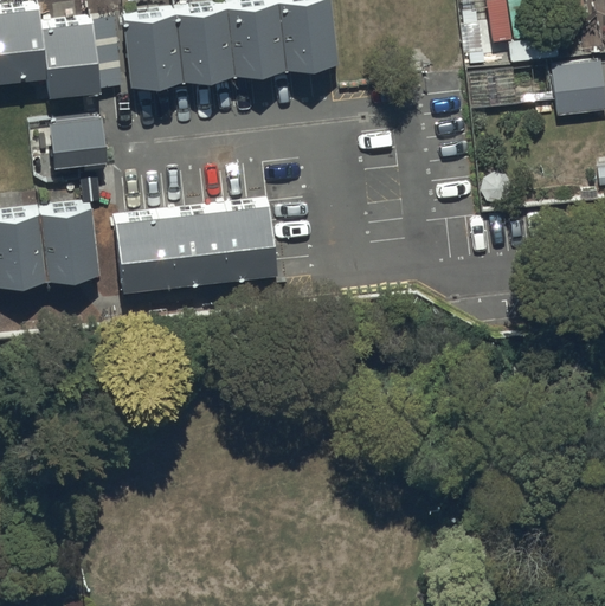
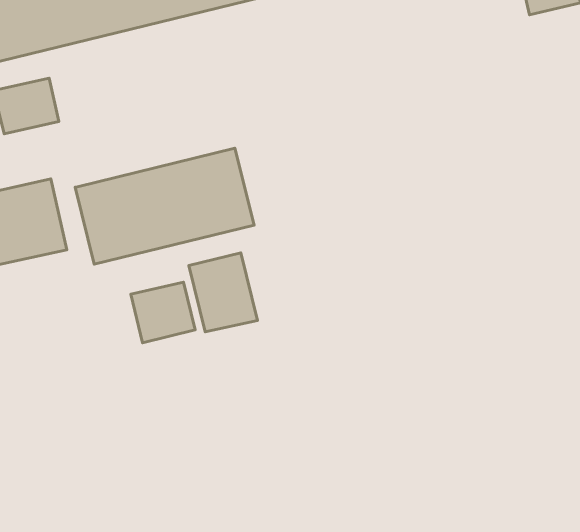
building: none -> [189,253,257,332]
building: none -> [131,282,195,343]

